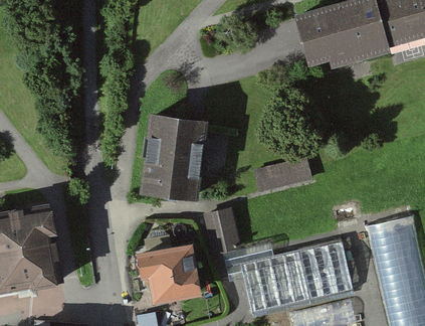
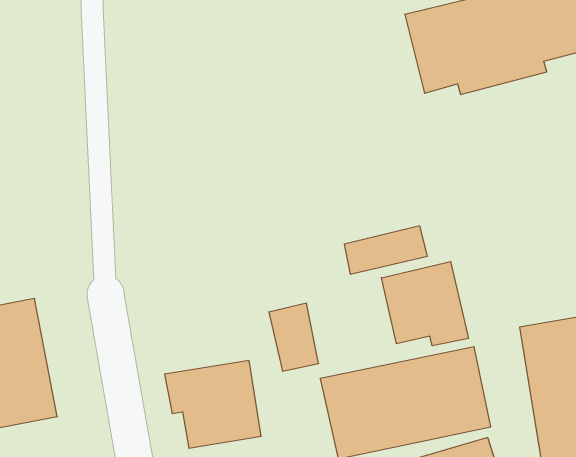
building: [140,116,205,201] -> none
building: none -> [381,261,469,346]

